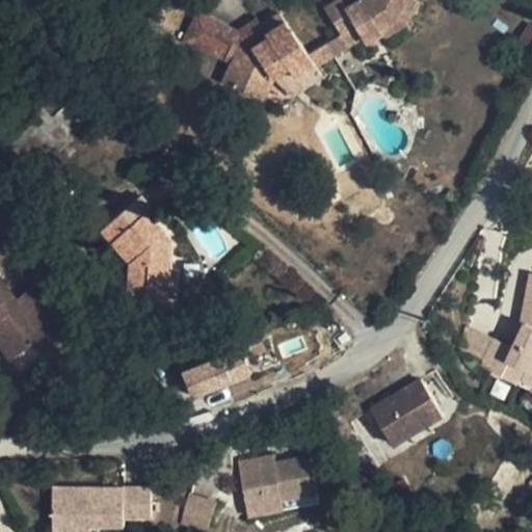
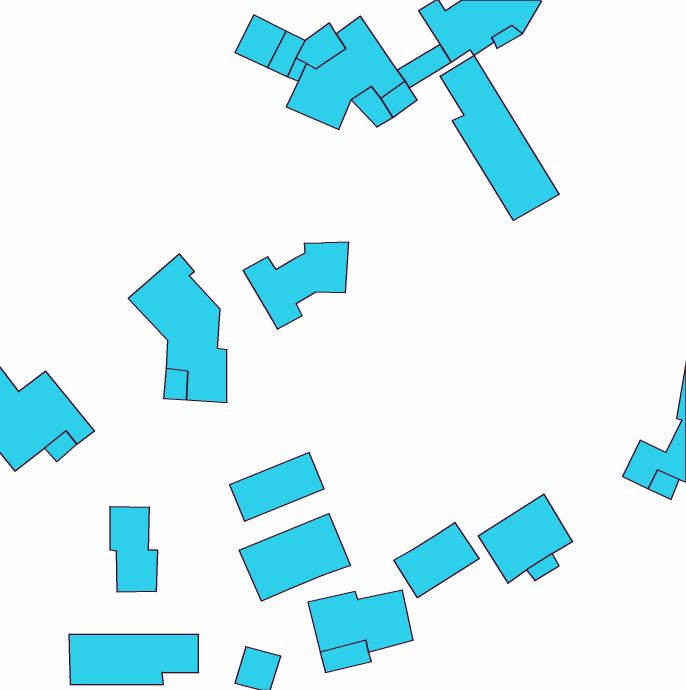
building: none -> [440,55,559,220]
building: none -> [243,242,349,329]
building: none -> [110,506,157,592]
building: none -> [239,514,350,601]
building: none -> [394,522,479,598]

